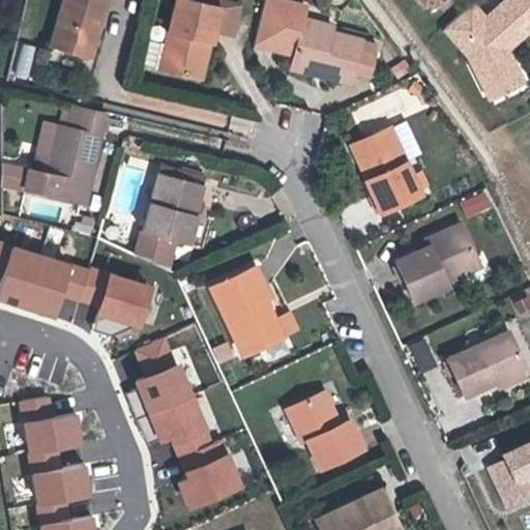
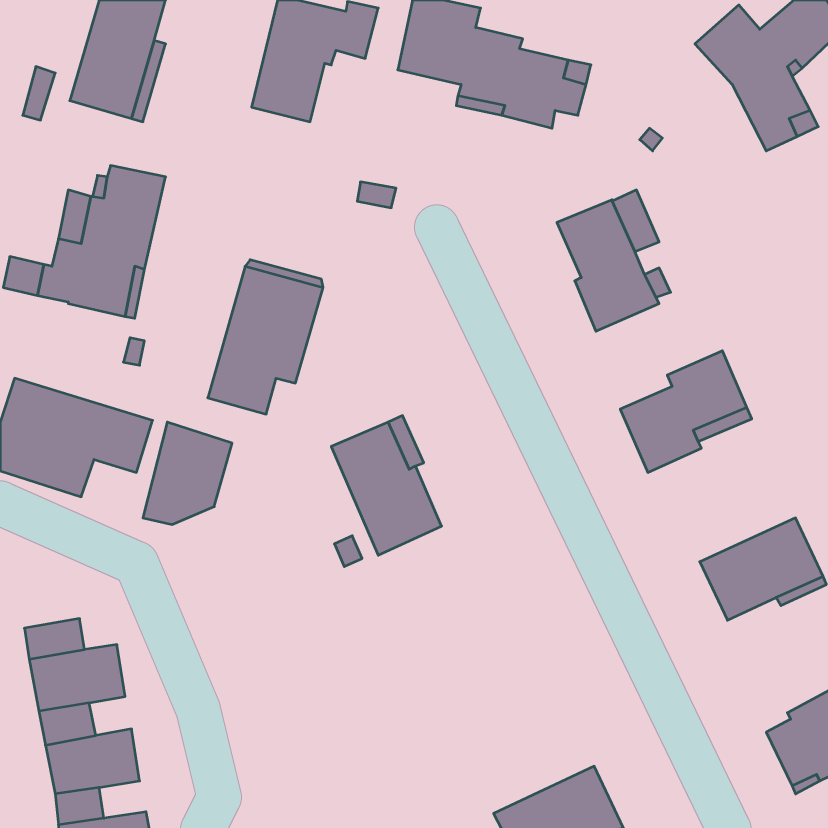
building: [134,337,213,458] -> none
building: [287,392,361,469] -> none
building: [176,455,239,507] -> none

